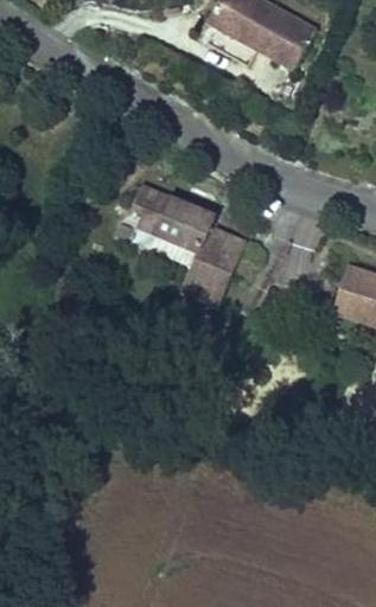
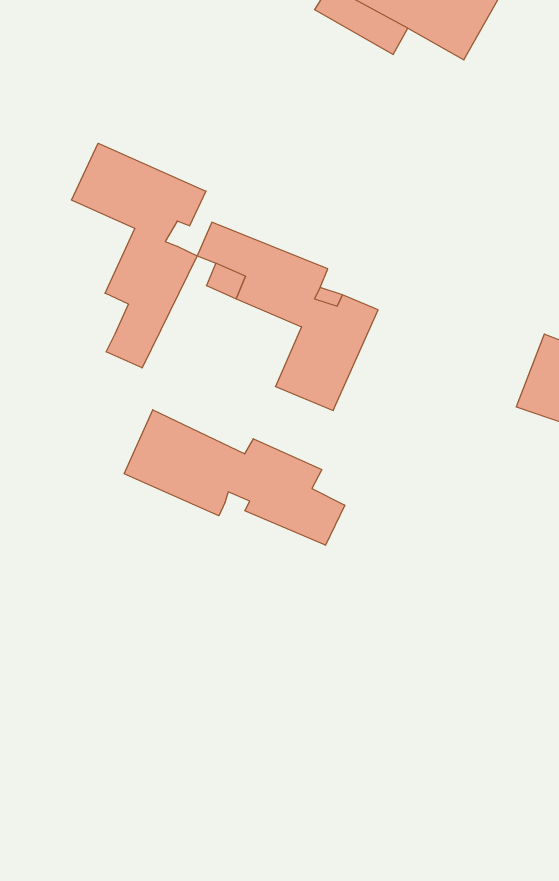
building: none -> [71,143,206,368]
building: none -> [124,410,345,545]

